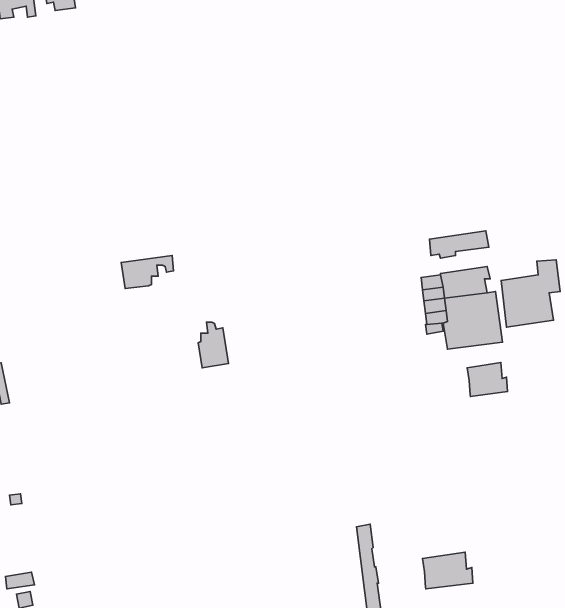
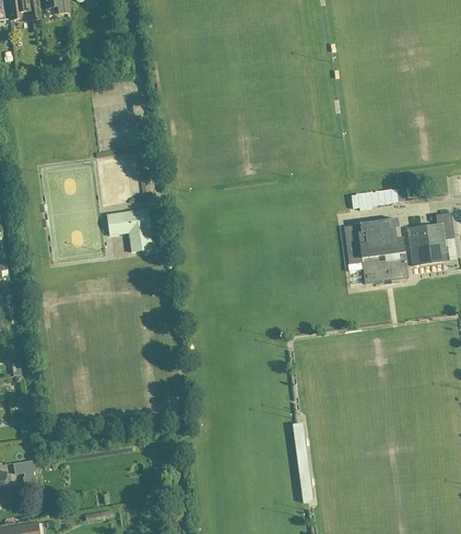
building: [198,322,228,368] -> [127,216,151,252]
building: [467,363,508,396] -> none
building: [423,552,473,589] -> none

